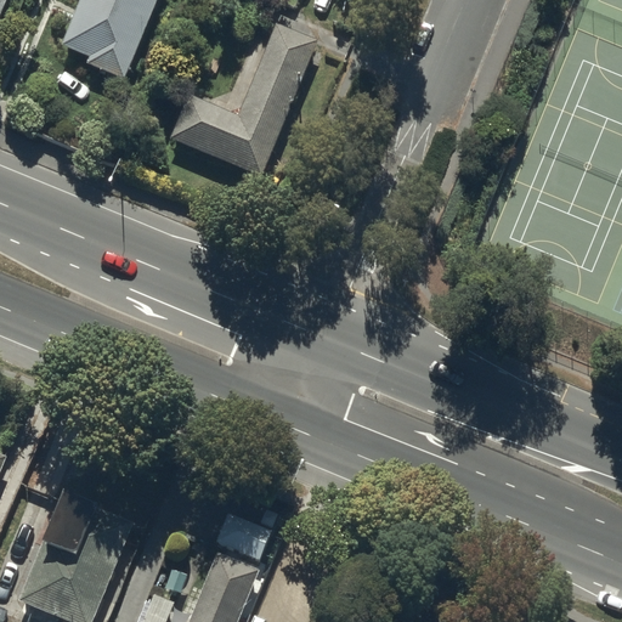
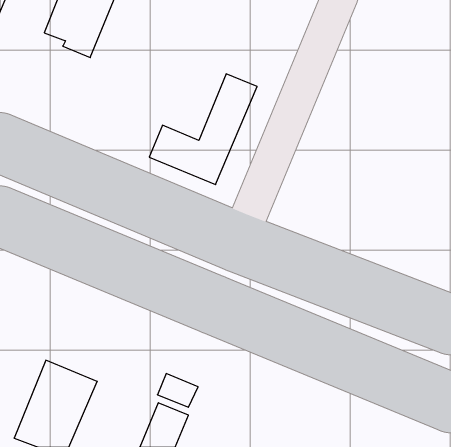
building: [170,23,318,175] -> [149,74,257,185]

